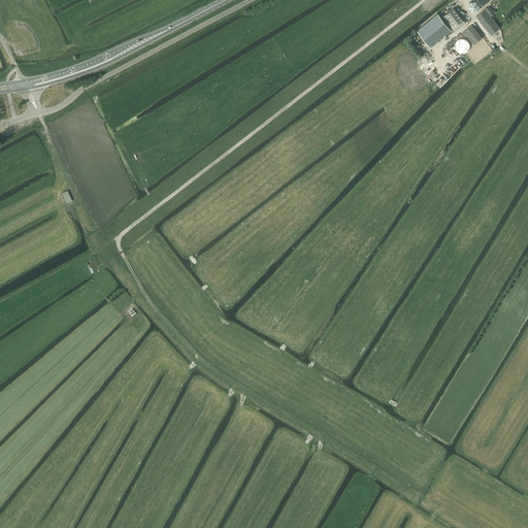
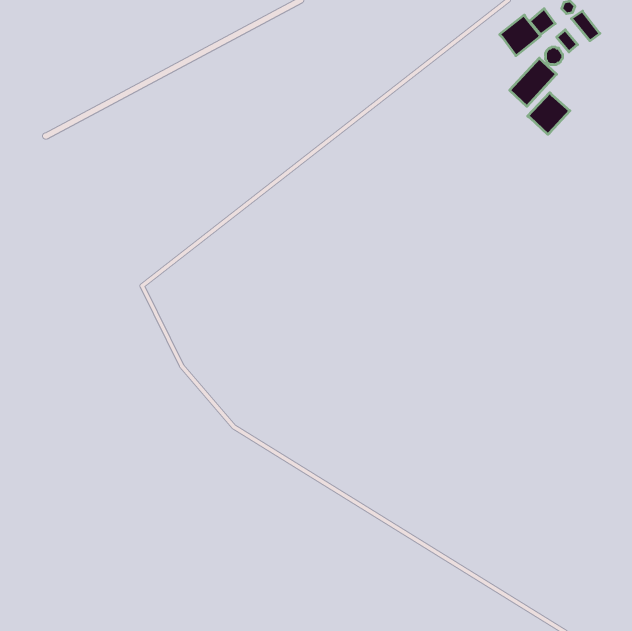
building: none -> [528,93,570,134]

